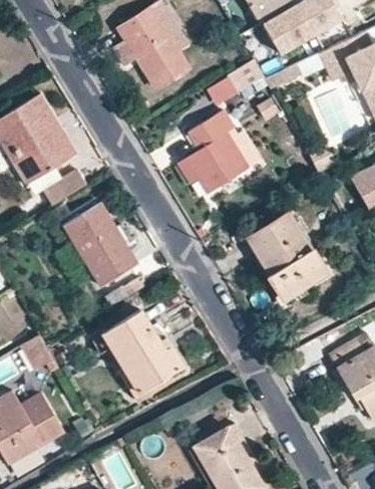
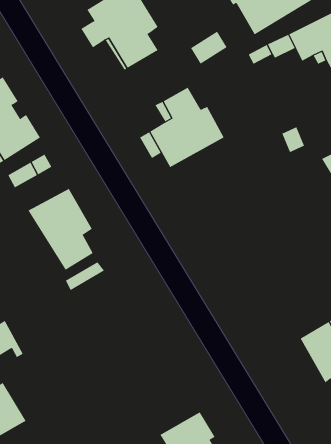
building: [248,213,328,298] -> none
building: [103,315,188,401] -> none

